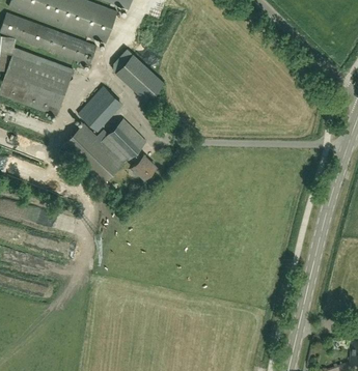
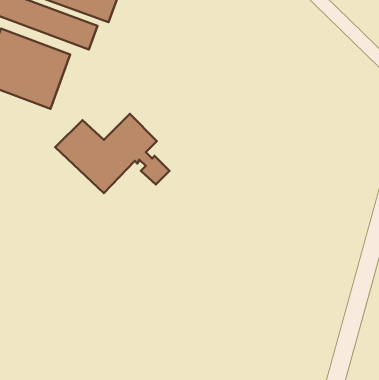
building: [114,49,164,101] -> none
building: [79,86,119,127] -> none

